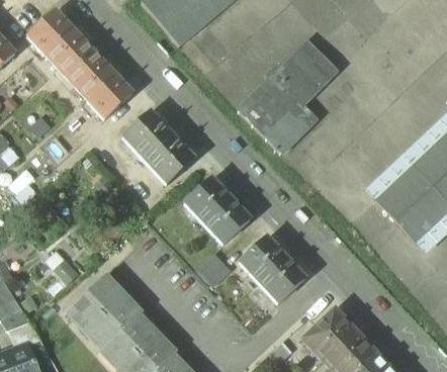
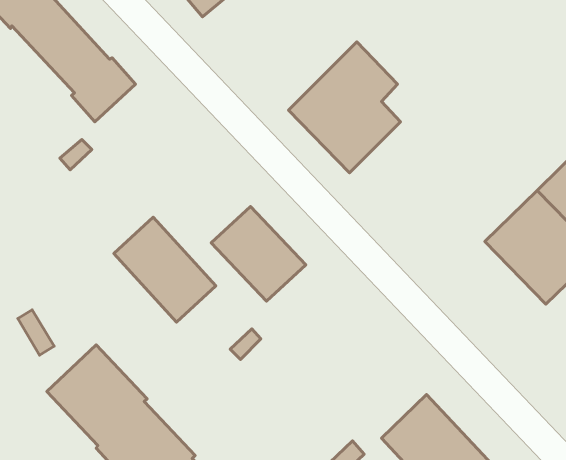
building: [286,40,338,92] -> none
building: [123,110,194,183] -> [114,217,216,322]
building: [240,236,305,302] -> none

